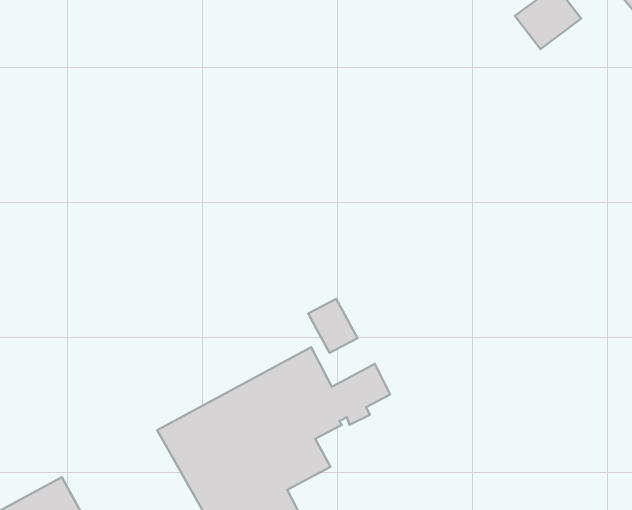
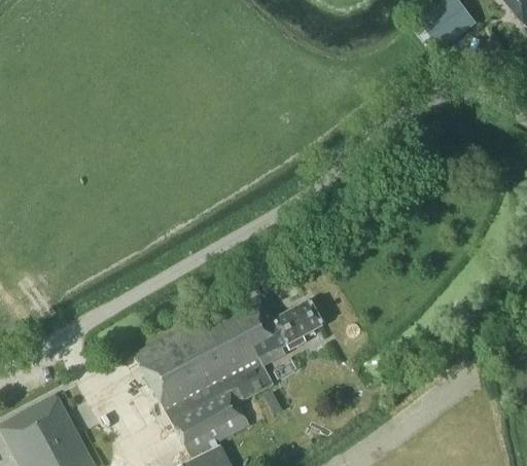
building: [308,299,358,353] -> none

